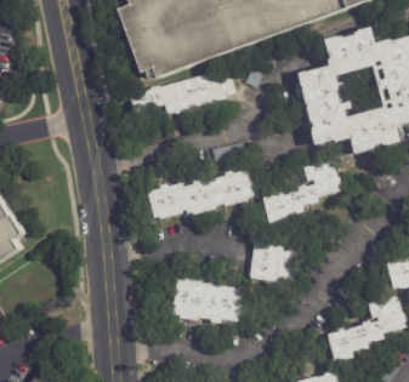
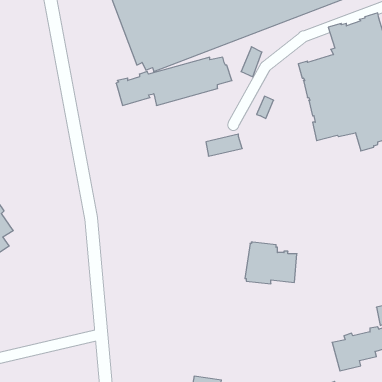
building: [262,161,341,226] -> none
building: [148,170,254,217] -> none
building: [171,276,243,323] -> none

